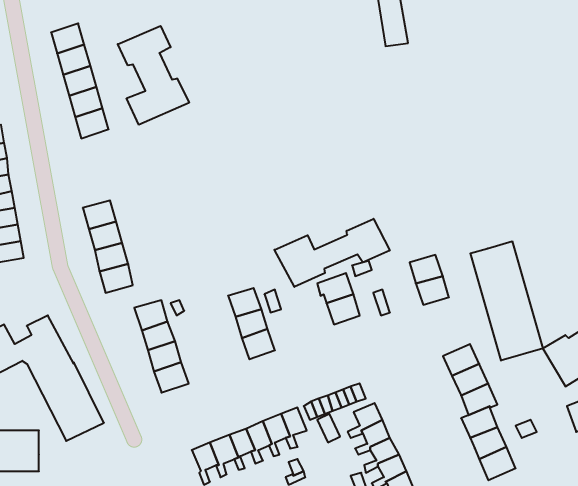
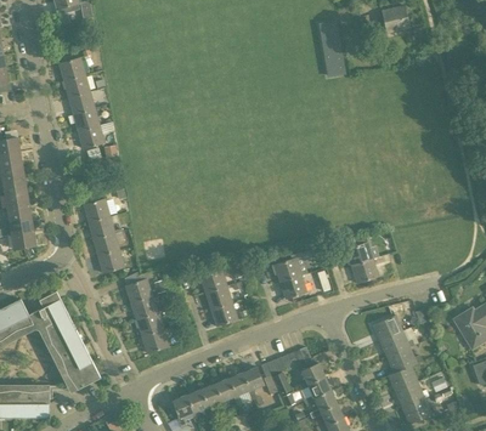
building: [118,26,189,125] -> none
building: [274,219,390,287] -> none
building: [470,241,543,361] -> none

